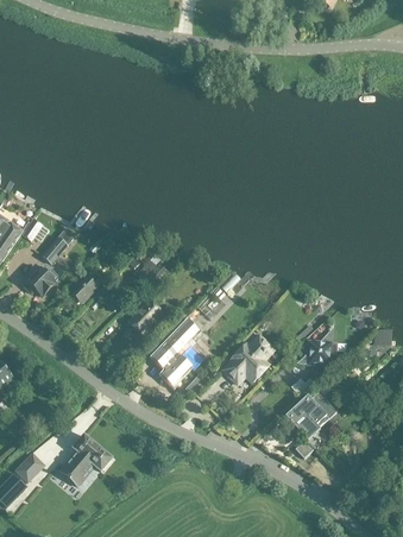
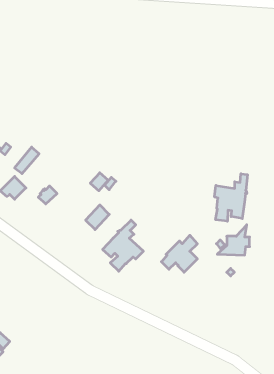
building: none -> [215,174,247,221]
building: [288,397,332,460] -> none
building: [59,434,112,485] -> none

